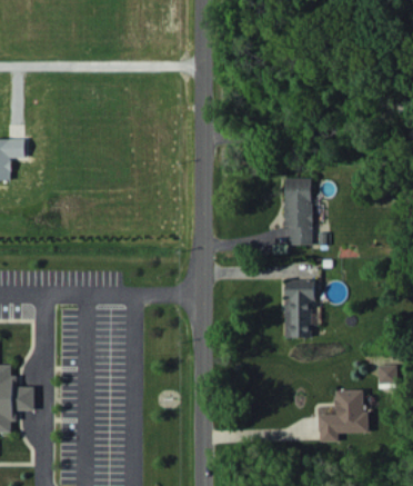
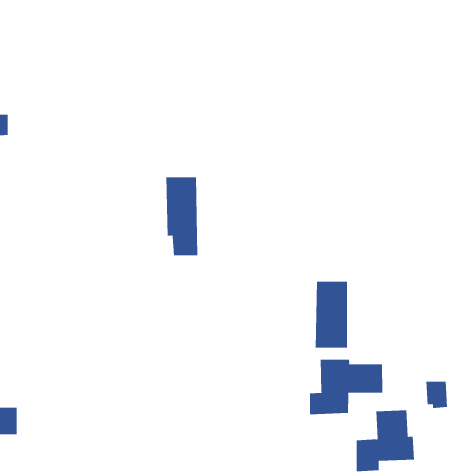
building: [284,178,312,245] -> [165,177,198,256]
building: none -> [310,359,383,415]

